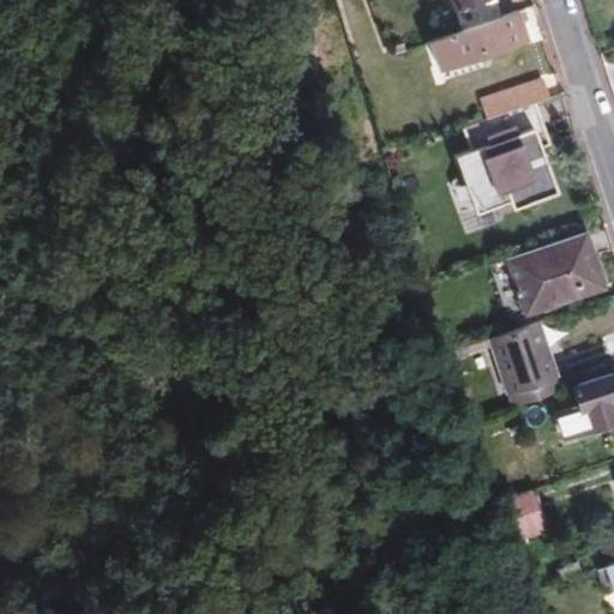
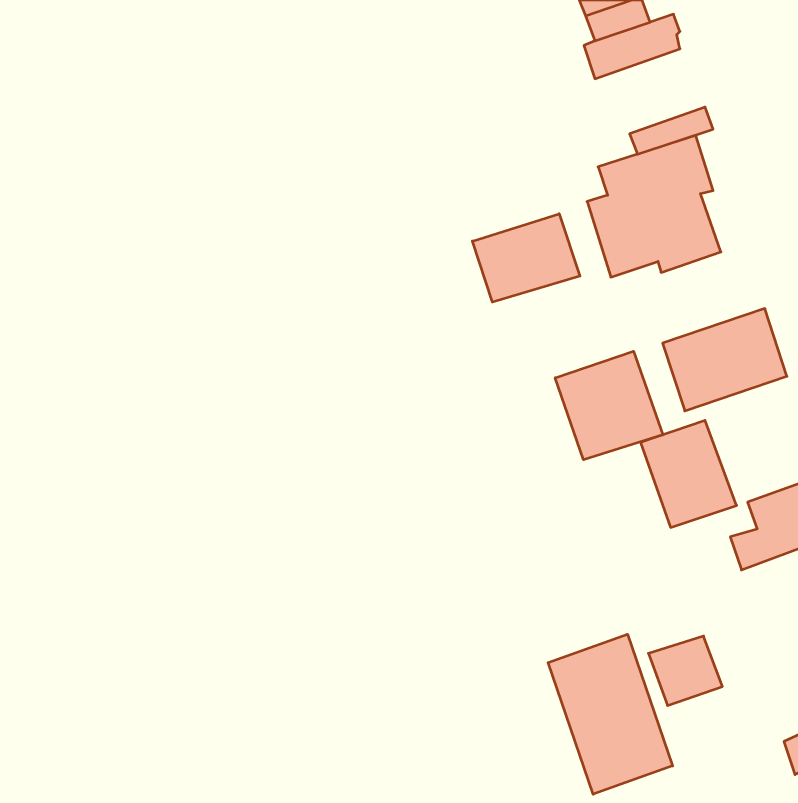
building: none -> [472,214,580,302]
building: none -> [555,351,663,460]
building: none -> [548,634,673,794]

